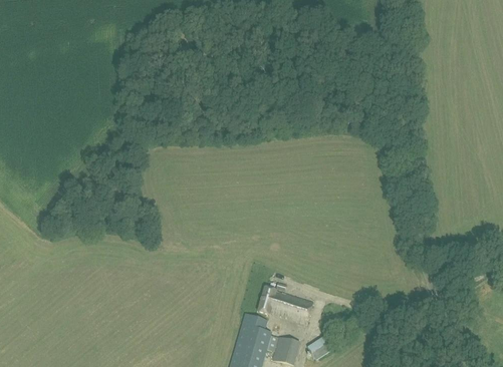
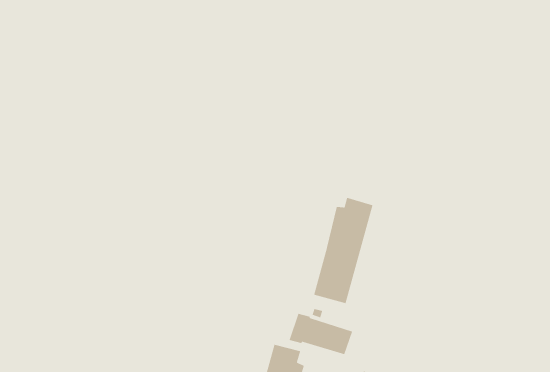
building: none -> [313,197,374,304]

